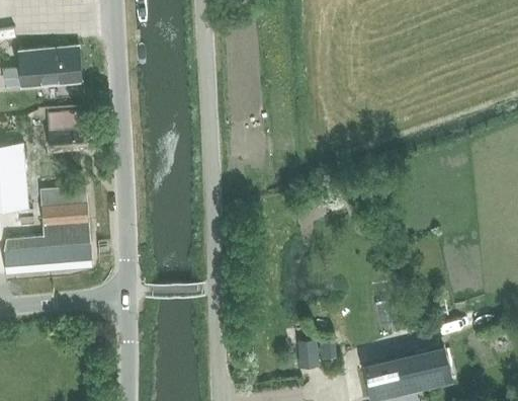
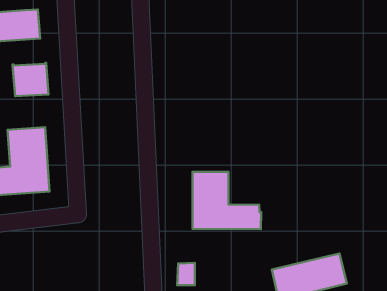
building: none -> [193,172,261,229]
building: [295,340,317,368] -> [177,263,195,285]

